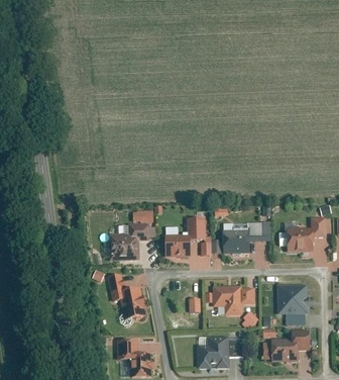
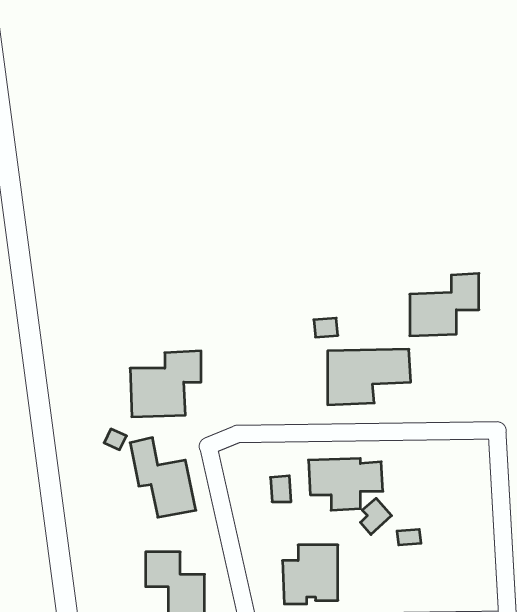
building: [287,216,327,253] -> [410,273,479,336]
building: [164,217,206,257] -> none
building: [276,284,308,314] -> none
building: [270,329,310,362] -> none

